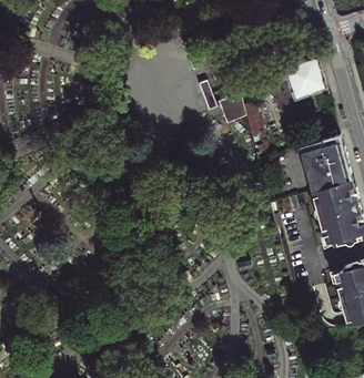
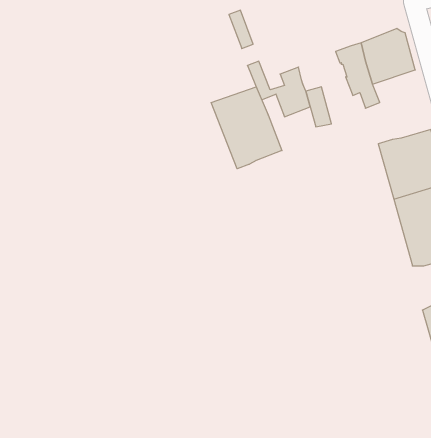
building: none -> [211,87,282,169]

